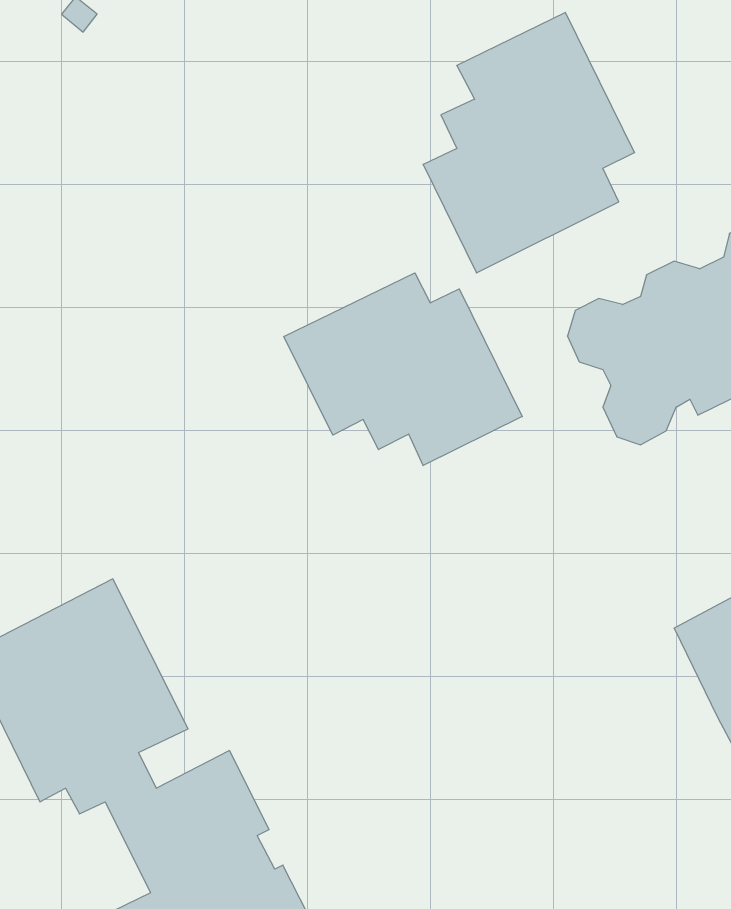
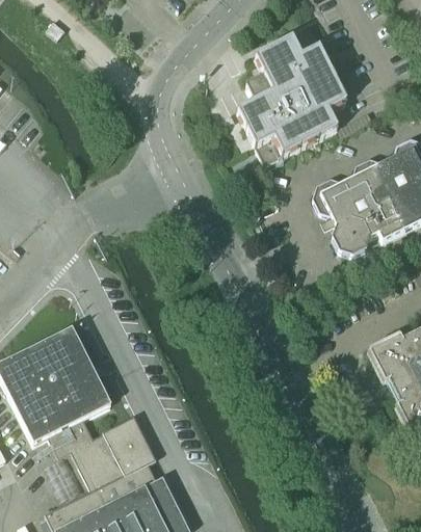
building: [284,273,522,466] -> none

